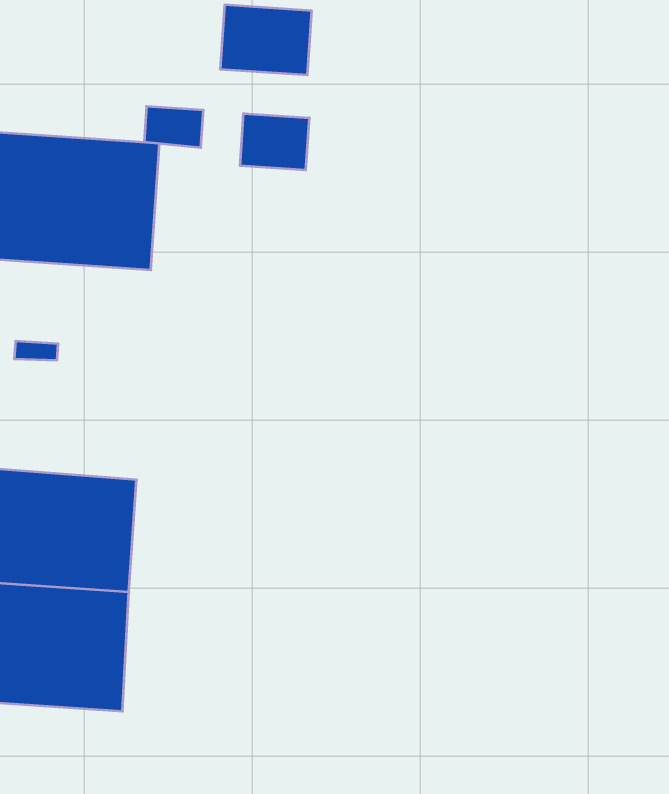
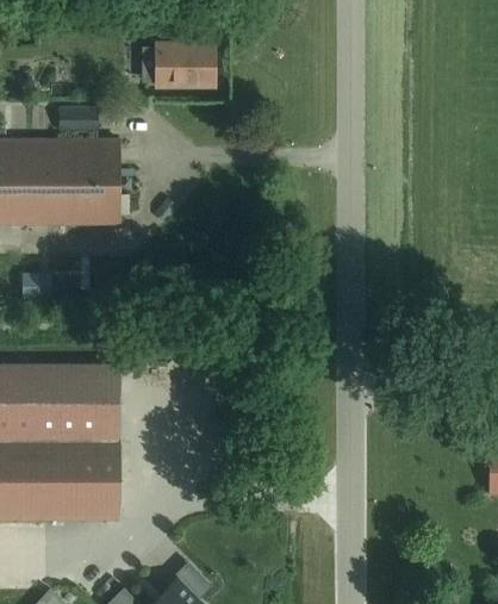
building: [144,106,203,148] -> [58,107,97,132]
building: [240,113,309,170] -> none

